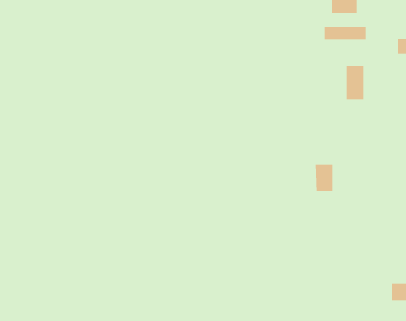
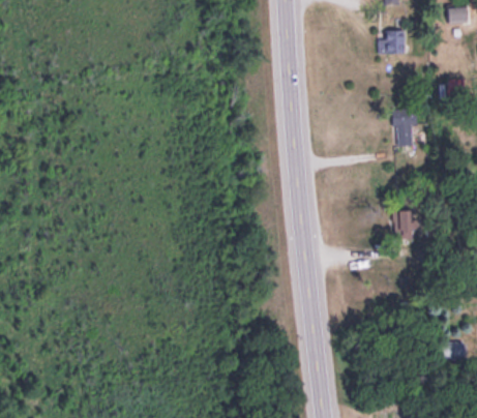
building: [324,26,367,40] -> none
building: [315,164,333,192] -> [394,210,414,240]

